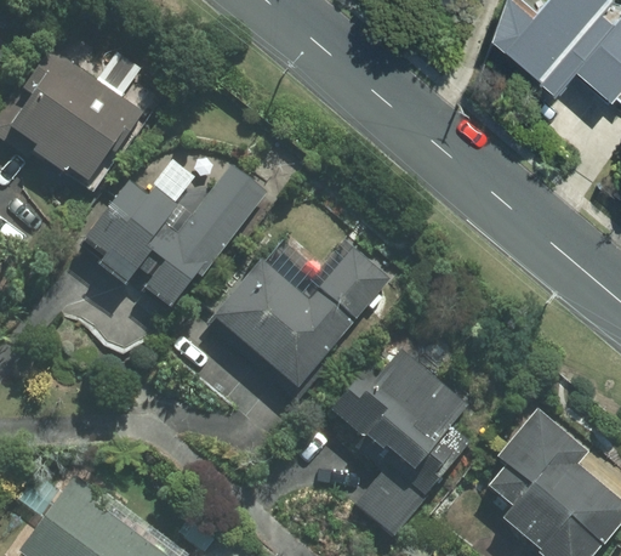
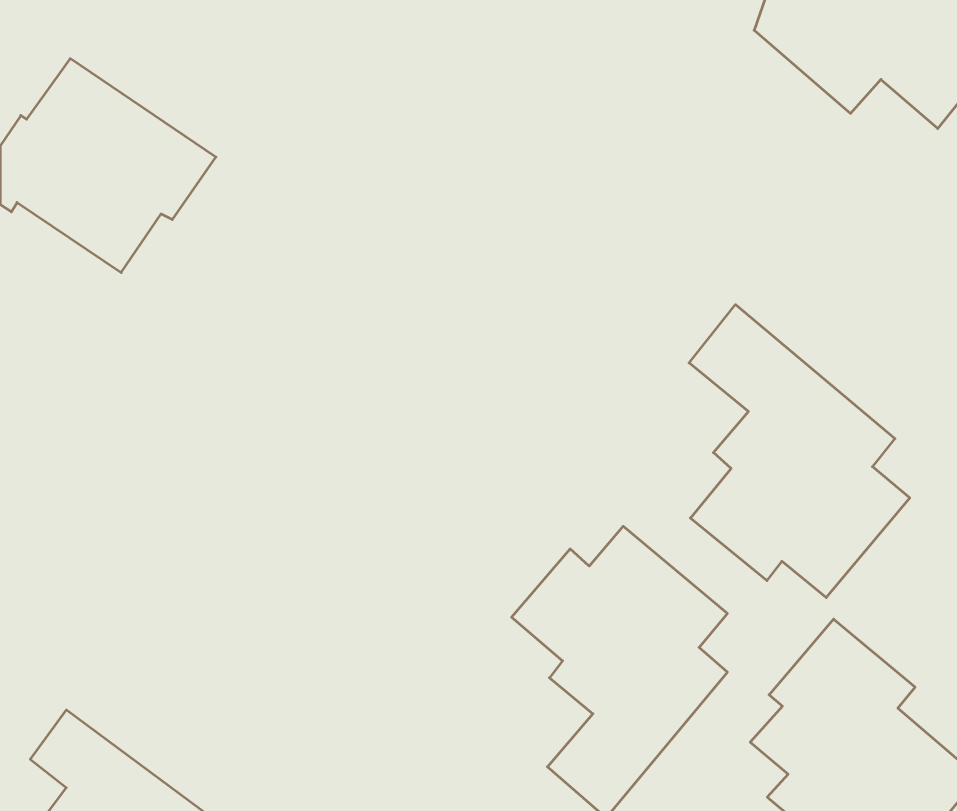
building: [81,165,268,308] -> none
building: none -> [689,305,910,598]
building: [212,248,389,387] -> none

